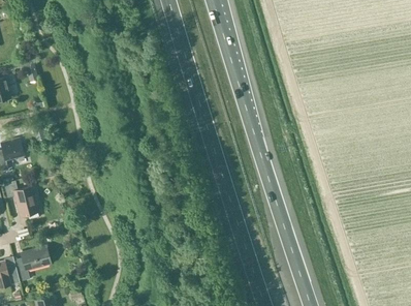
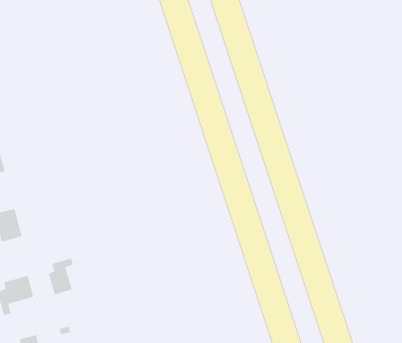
building: none -> [48,258,74,296]

